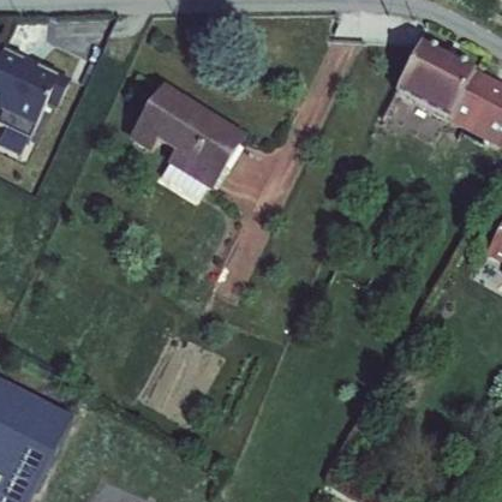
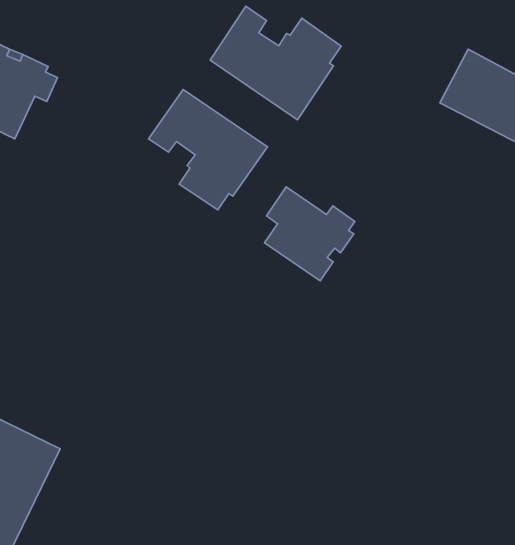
building: none -> [210,6,341,120]
building: none -> [264,187,355,281]

